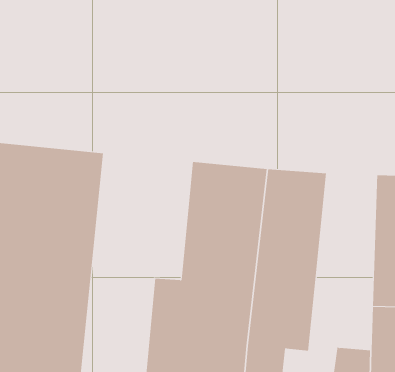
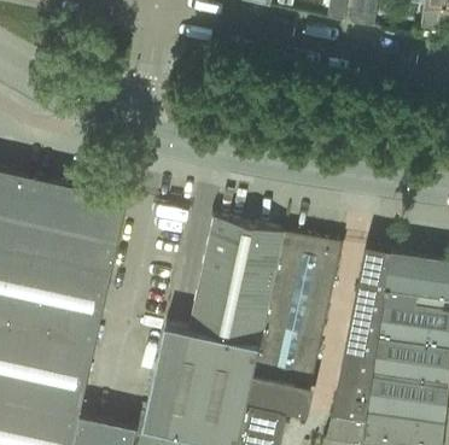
building: none -> [332,247,389,418]

